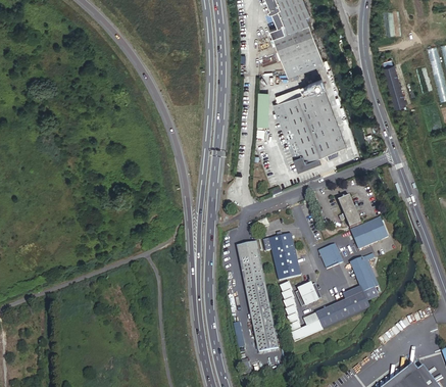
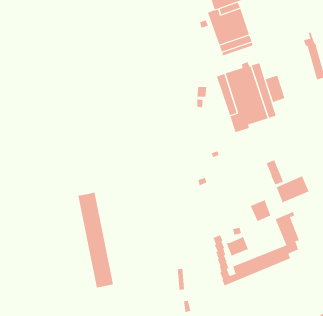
building: none -> [265,75,285,103]
building: [260,233,299,280] -> none
building: [234,242,276,352] -> [77,192,114,288]

